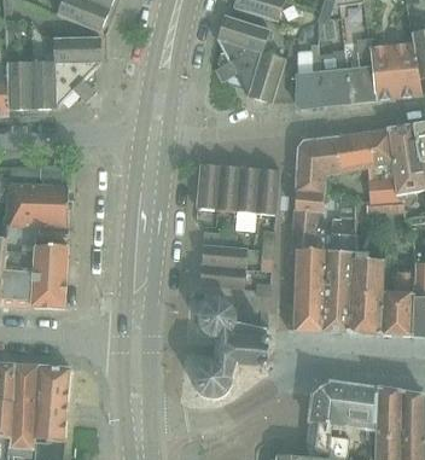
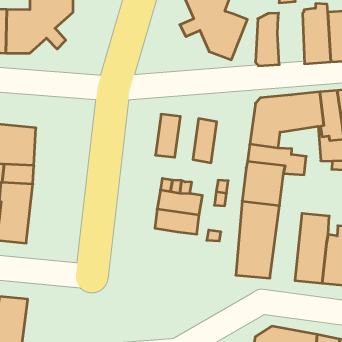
building: [318,50,348,105] -> none
building: [216,165,239,210] -> none
building: [255,169,279,214] -> none
building: [324,220,354,332] -> none
building: [193,299,268,398] -> none

